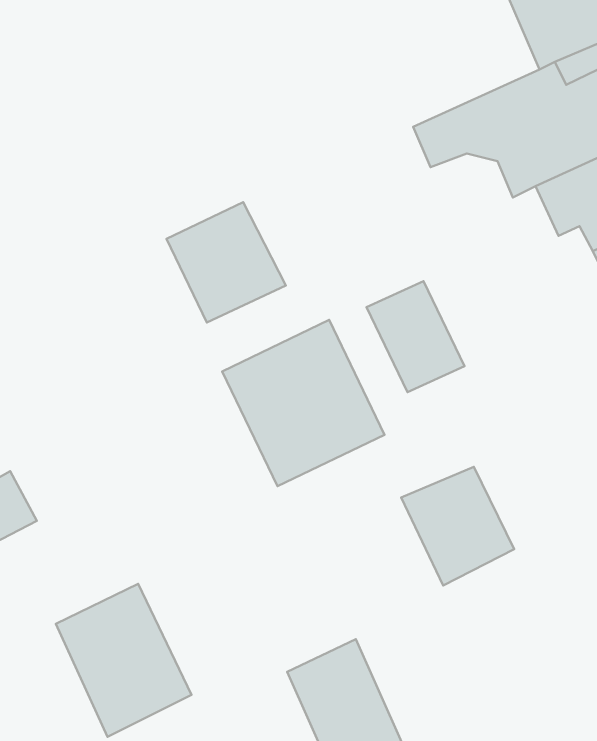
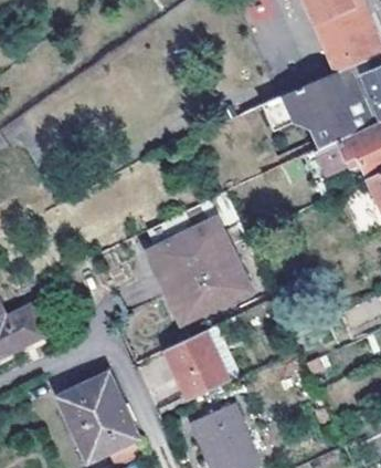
building: [167,202,286,322] -> none
building: [367,281,464,392] -> none
building: [401,467,514,585] -> [161,333,226,402]

